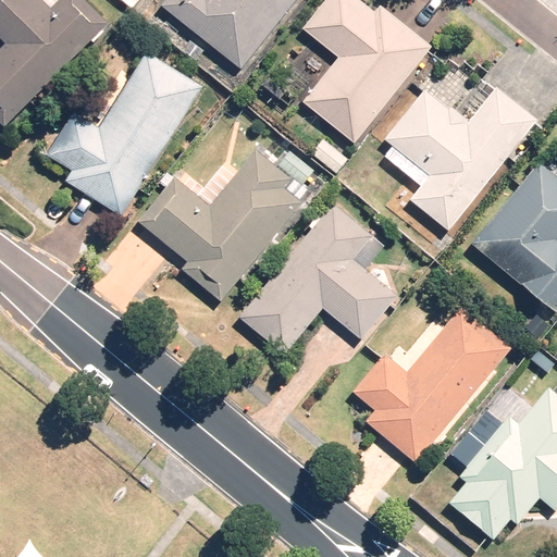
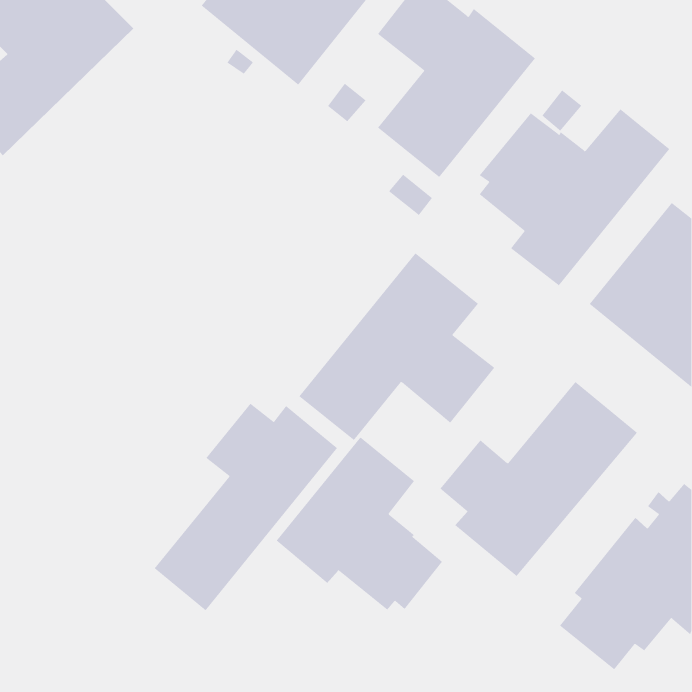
building: [48,51,202,214] -> none
building: [137,149,313,301] -> none
building: none -> [154,403,338,611]
building: none -> [276,437,443,610]

